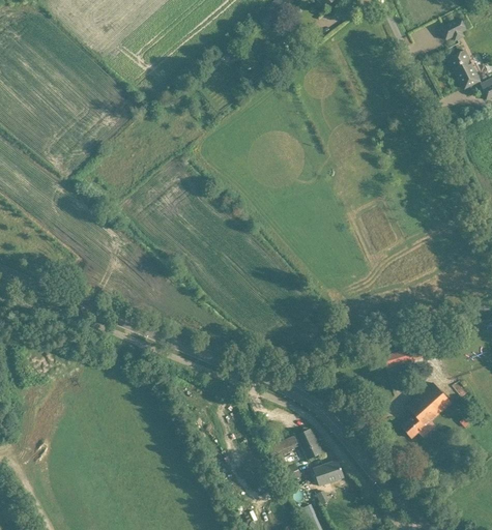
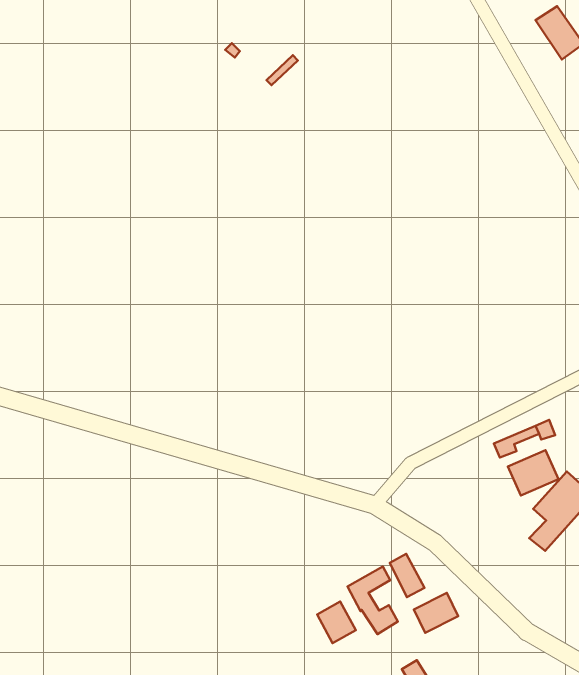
building: none -> [508,450,559,495]
building: none -> [317,602,356,643]

